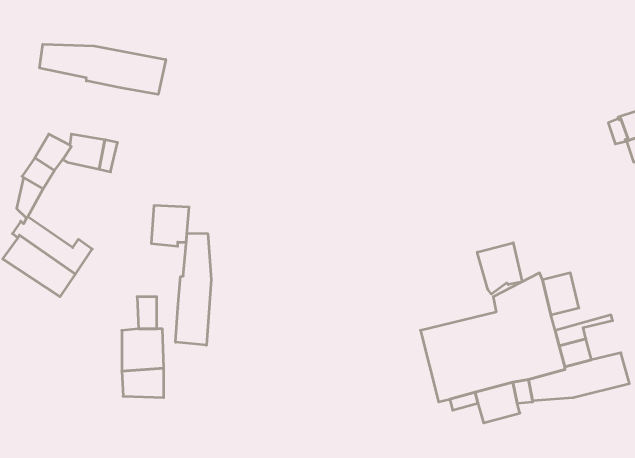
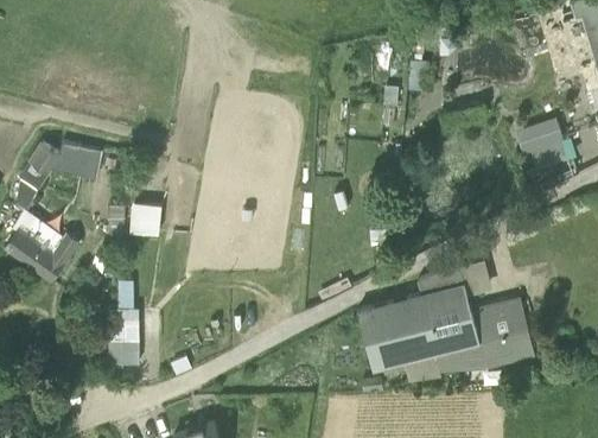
building: [40,44,166,94] -> none
building: [176,233,211,345] -> none
building: [477,243,522,294] -> none
building: none -> [495,301,527,335]

